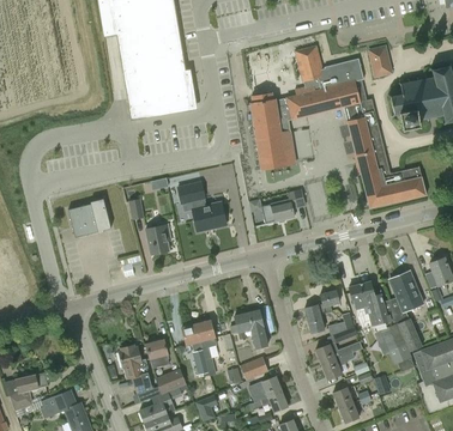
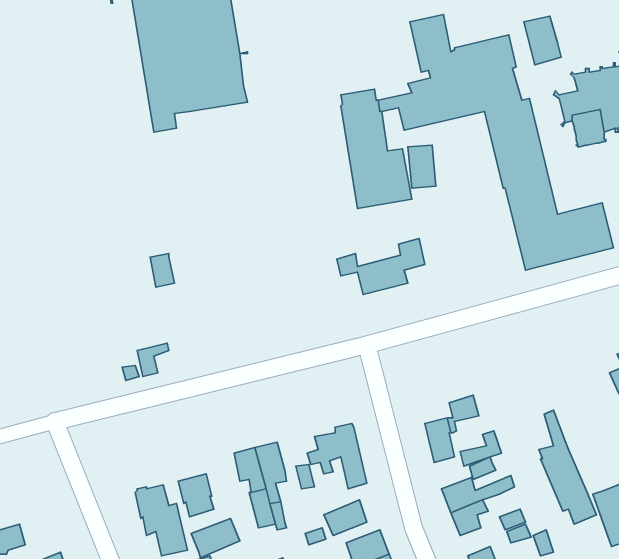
building: [177,182,225,232] -> none
building: [67,199,110,238] -> none
building: [145,225,170,255] -> none
building: [387,271,423,352] -> none
building: [348,281,387,326] -> none

